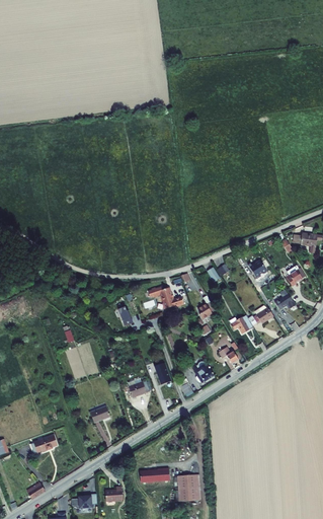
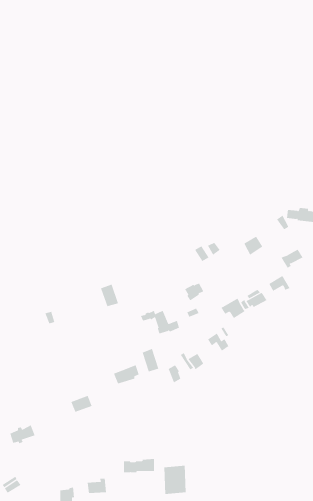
building: [146,288,182,310] -> [140,310,180,334]

